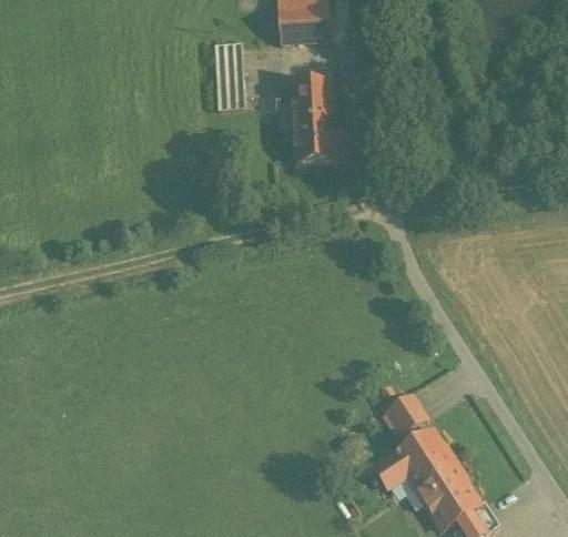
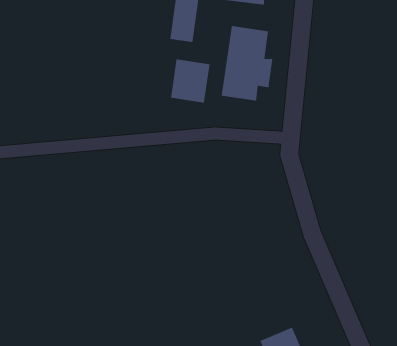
building: none -> [170,59,210,103]
building: [385,394,425,433] -> none

